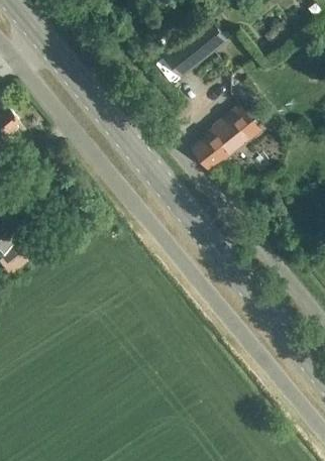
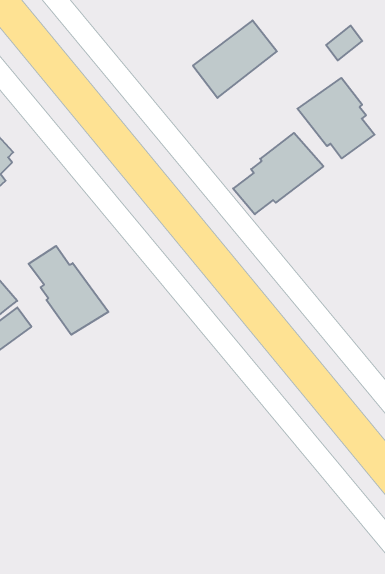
building: none -> [297,78,375,158]
building: none -> [29,246,108,335]

